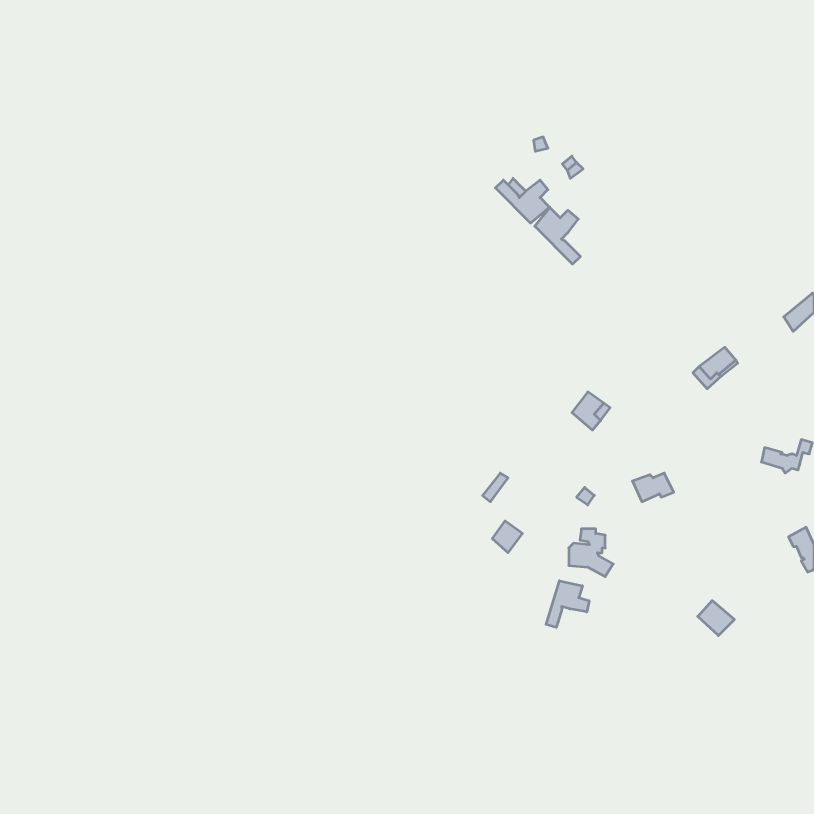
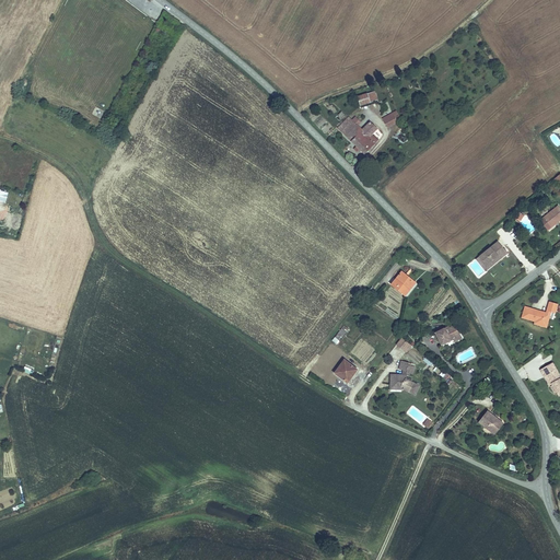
building: [535,208,580,264] -> none
building: [546,581,589,627] -> none

